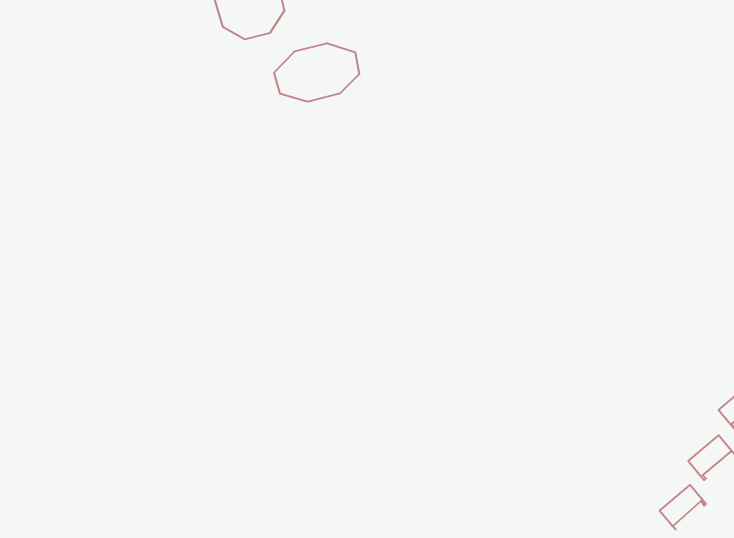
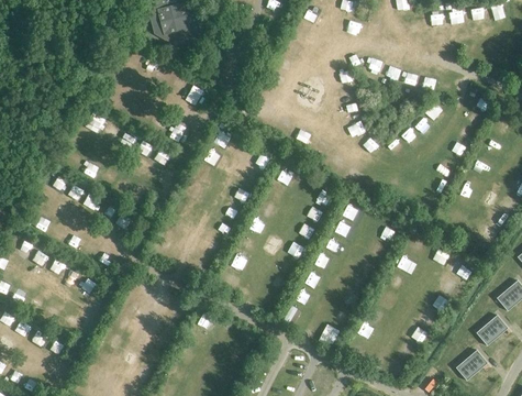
building: [274,43,359,102] -> none

